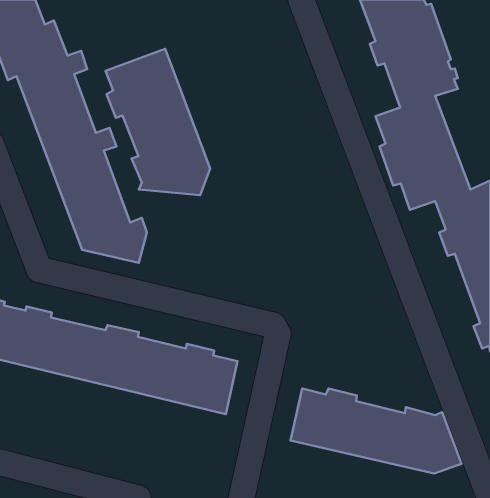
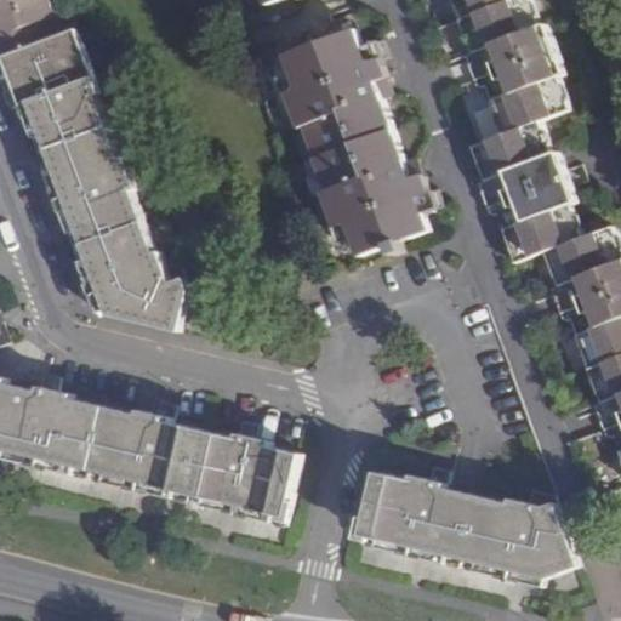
building: none -> [279,25,426,253]
building: [105,49,210,195] -> none

